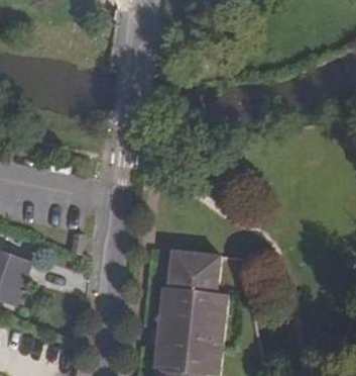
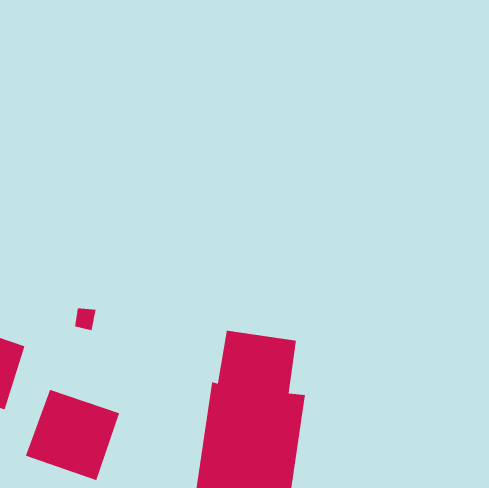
building: none -> [25,389,120,481]

